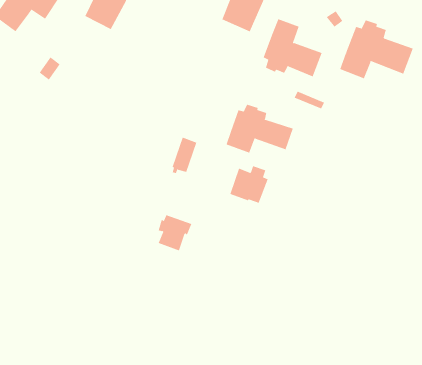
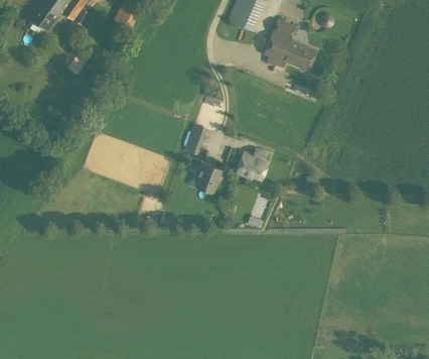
building: [339,20,414,79] -> none
building: [226,104,293,153] -> none
building: [158,214,192,251] -> [194,161,225,194]

